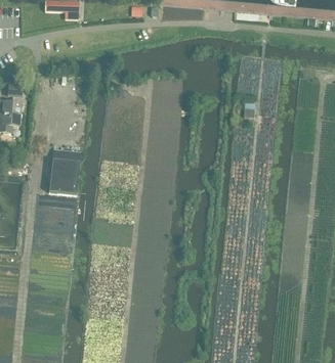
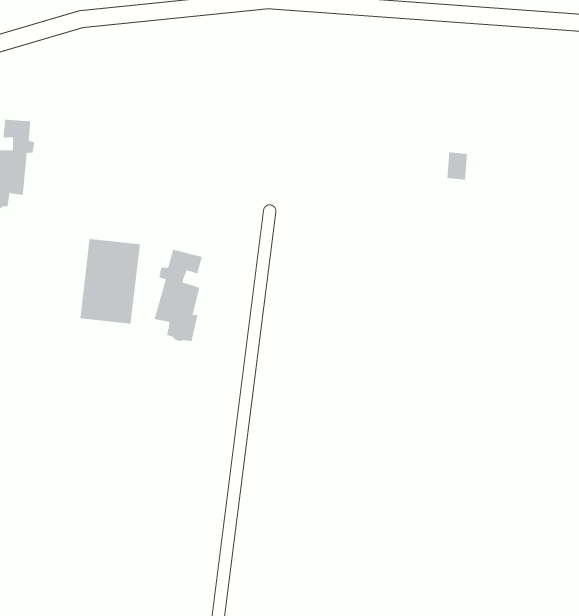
building: none -> [153,249,203,342]

